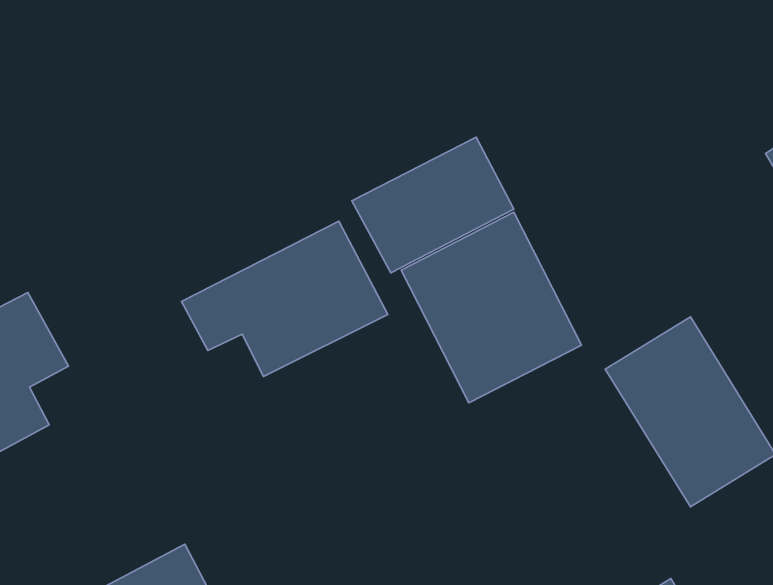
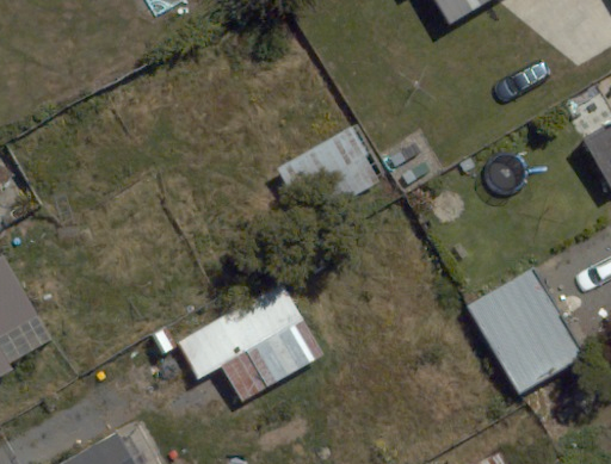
building: [401,212,582,403] -> none
building: [182,221,388,377] -> [173,287,323,401]

